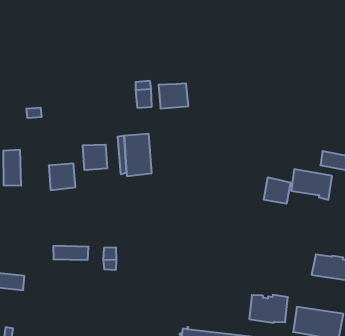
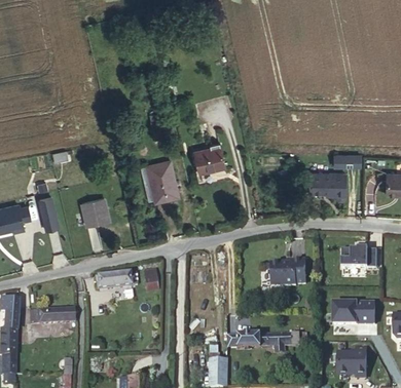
building: [158,84,188,108] -> [193,145,224,171]
building: [83,145,107,170] -> none
building: [264,177,291,204] -> none
building: [249,295,288,323] -> [270,258,305,283]

